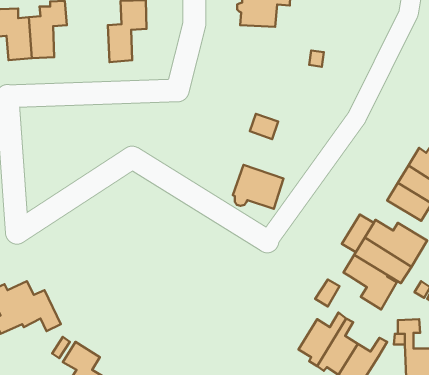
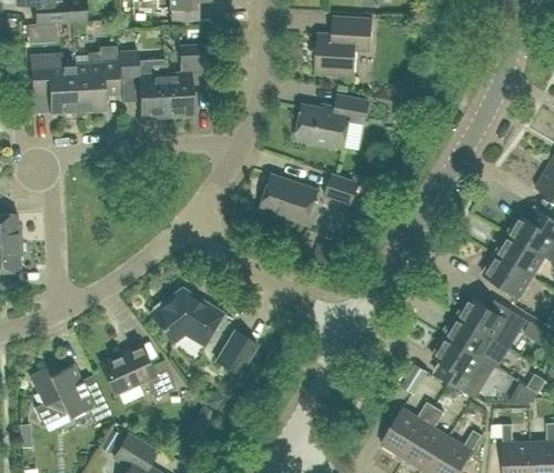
building: none -> [120,53,167,117]
building: none -> [296,95,370,149]
building: [233,165,283,209] -> [261,174,319,224]
building: none -> [150,288,223,345]
building: [342,214,374,252] -> none
building: none -> [215,331,258,374]
building: none -> [100,345,177,399]

